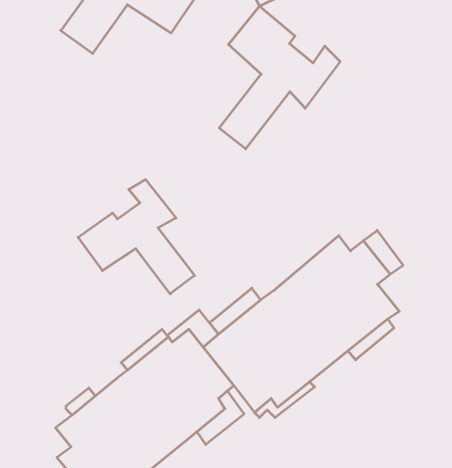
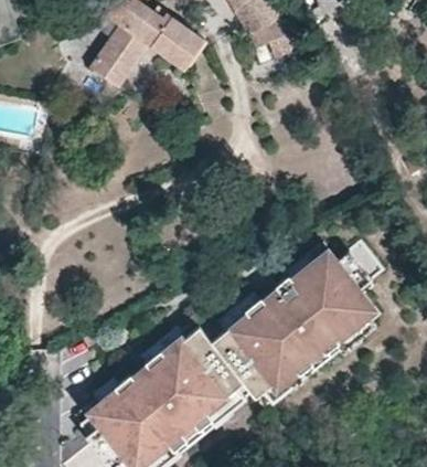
building: [219,6,340,149] -> none
building: [78,180,195,294] -> none

